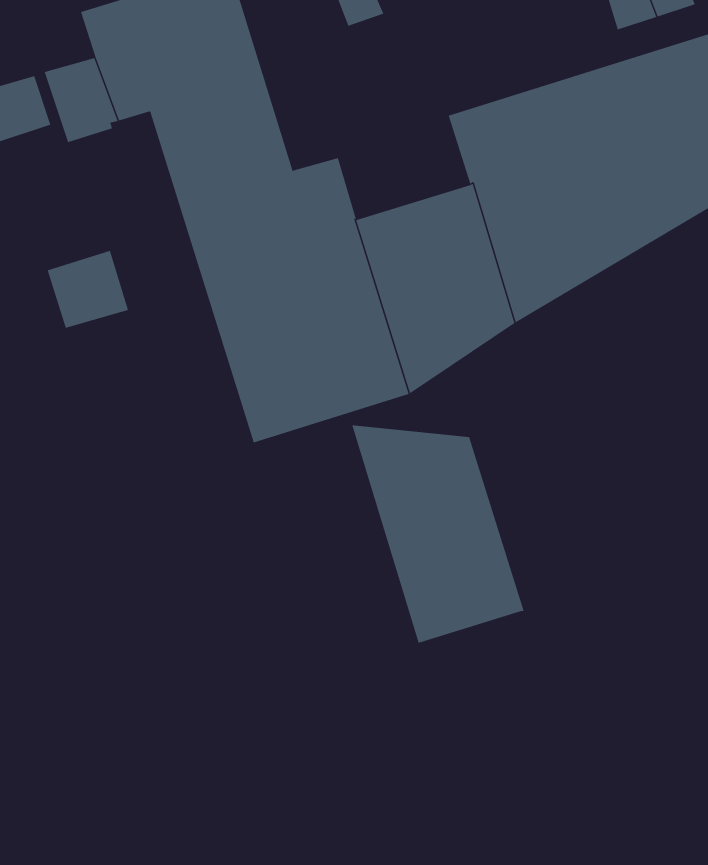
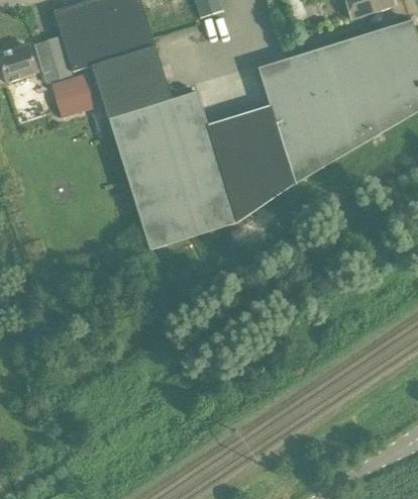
building: [47,250,129,328] -> [50,73,96,116]
building: [352,424,525,644] -> none

